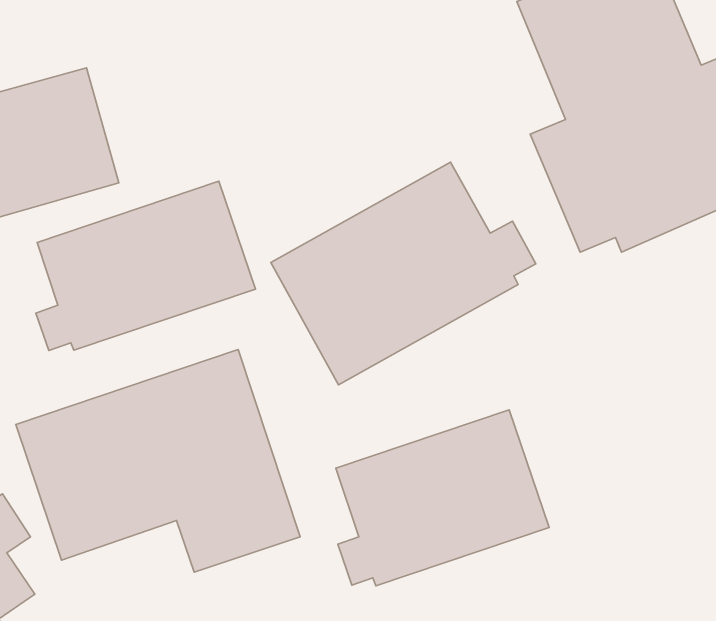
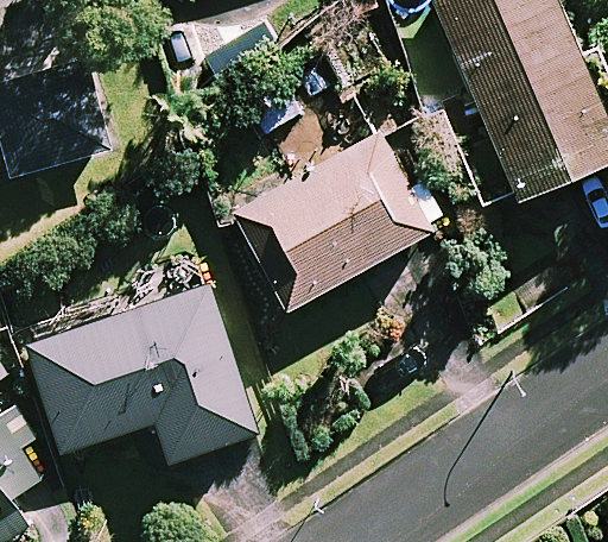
building: [36,181,255,351] -> none
building: [336,410,549,586] -> none

